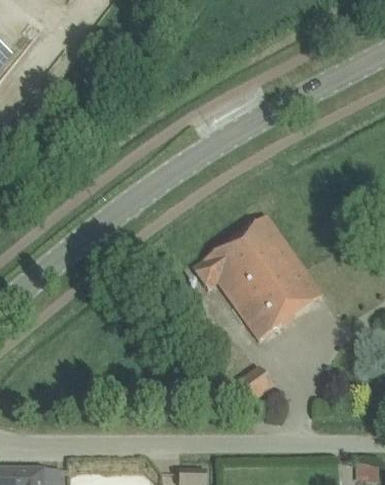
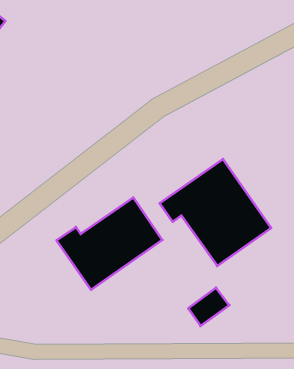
building: none -> [57,198,162,290]

